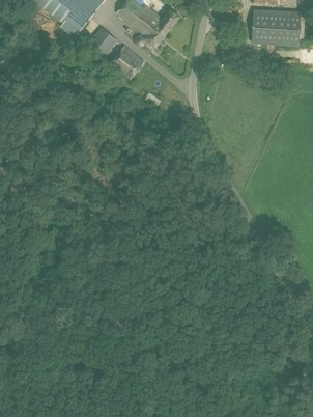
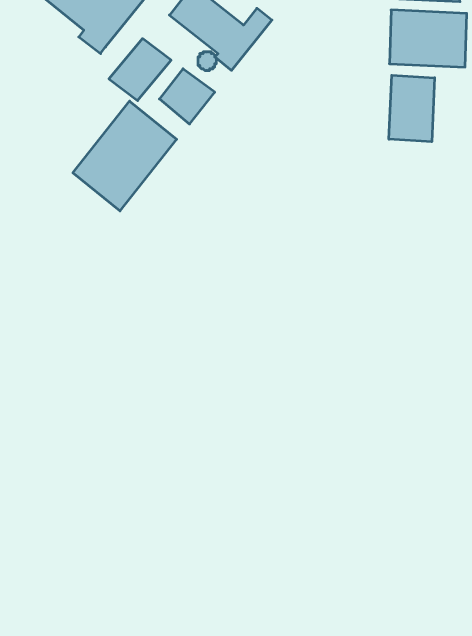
building: none -> [389,75,435,142]
building: none -> [73,101,177,211]

